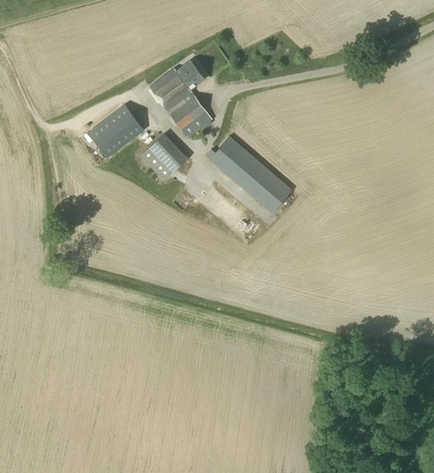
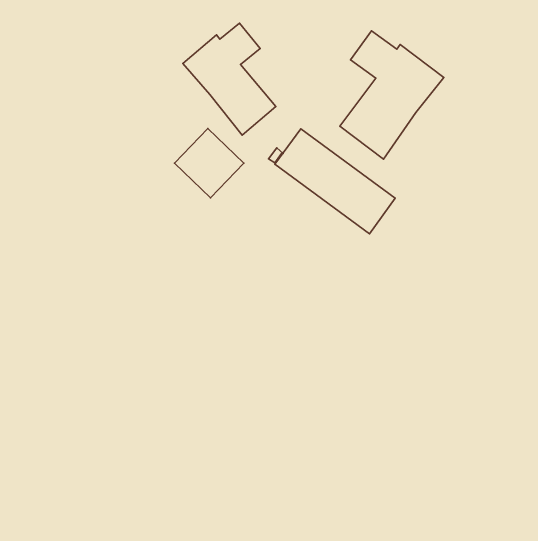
building: none -> [340,31,444,159]
building: [87,103,144,157] -> none

